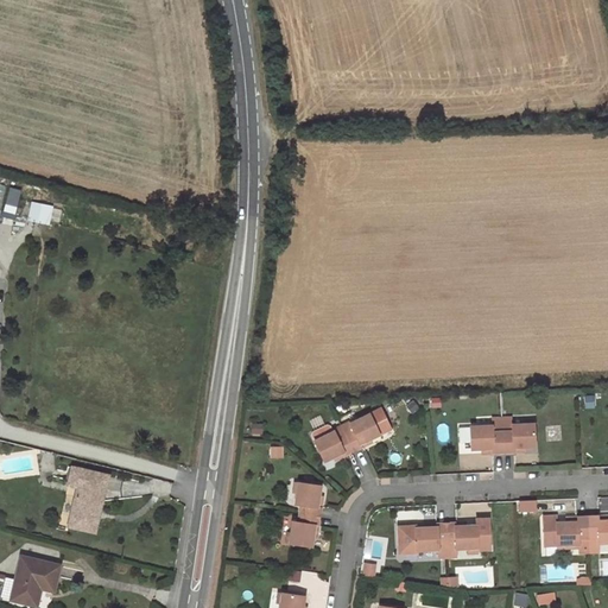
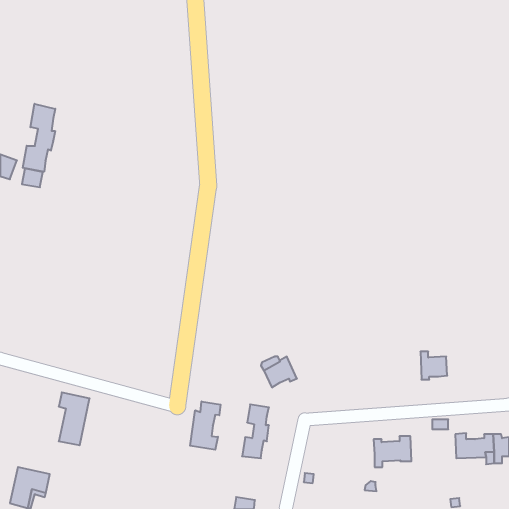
building: none -> [23,104,55,172]
building: [342,413,380,451] -> none
building: [470,419,502,454] -> none
building: none -> [190,401,221,450]
building: [398,524,446,558] -> none

